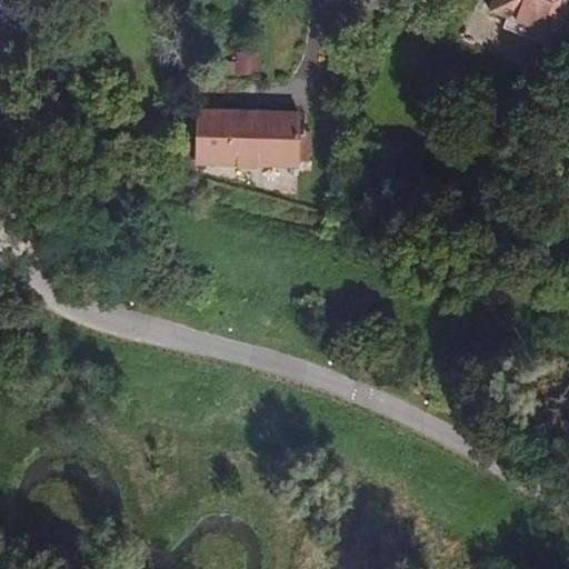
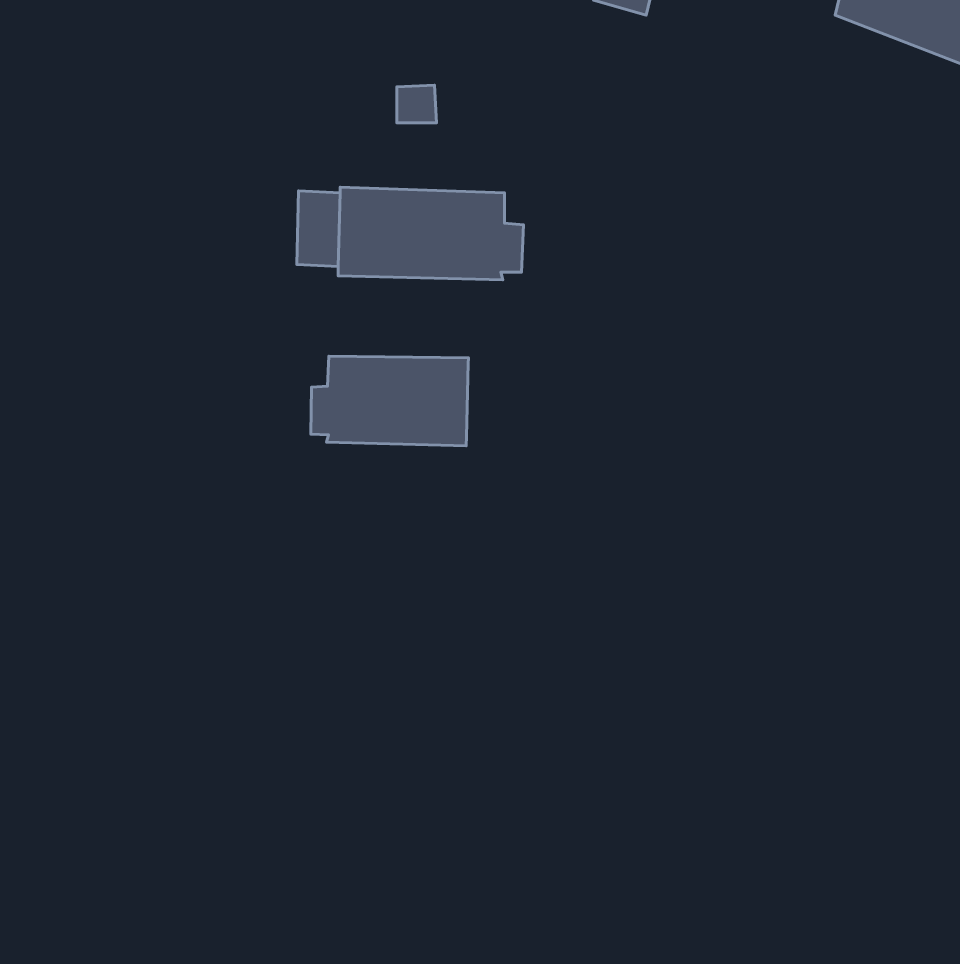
building: none -> [311,356,468,446]

